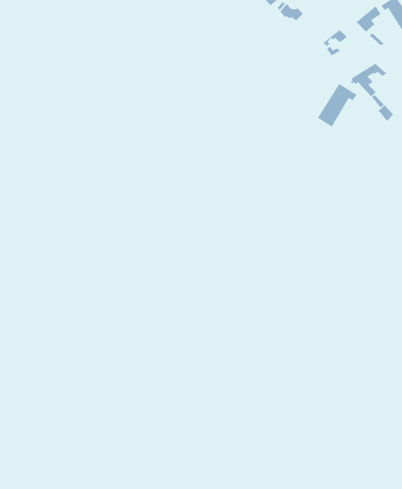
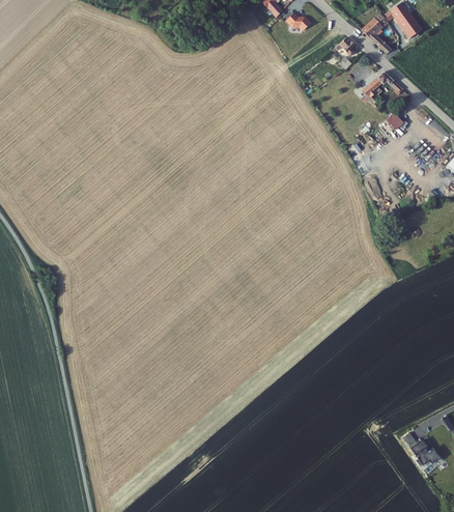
building: [317,83,357,127] -> none

